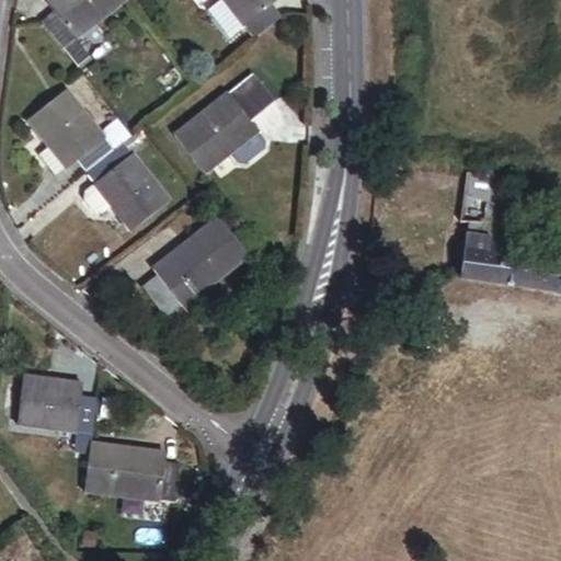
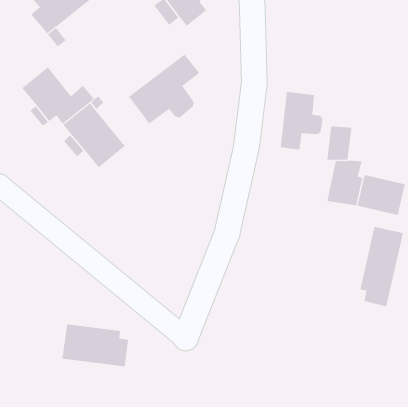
building: none -> [280,91,323,150]
building: [140,217,247,316] -> none
building: none -> [360,226,404,307]
building: [16,375,96,432] -> none

